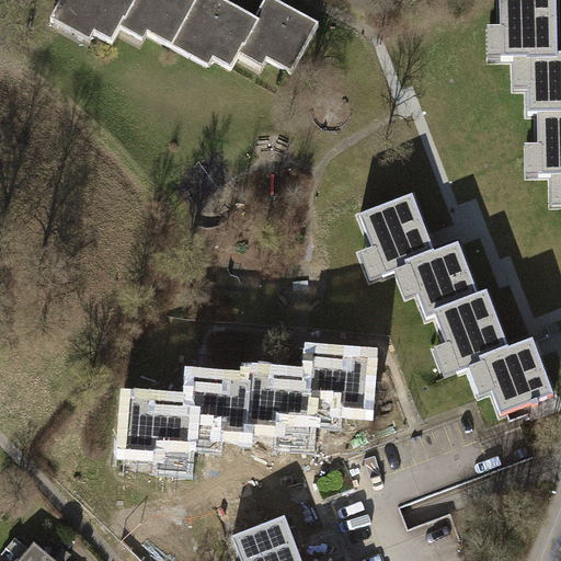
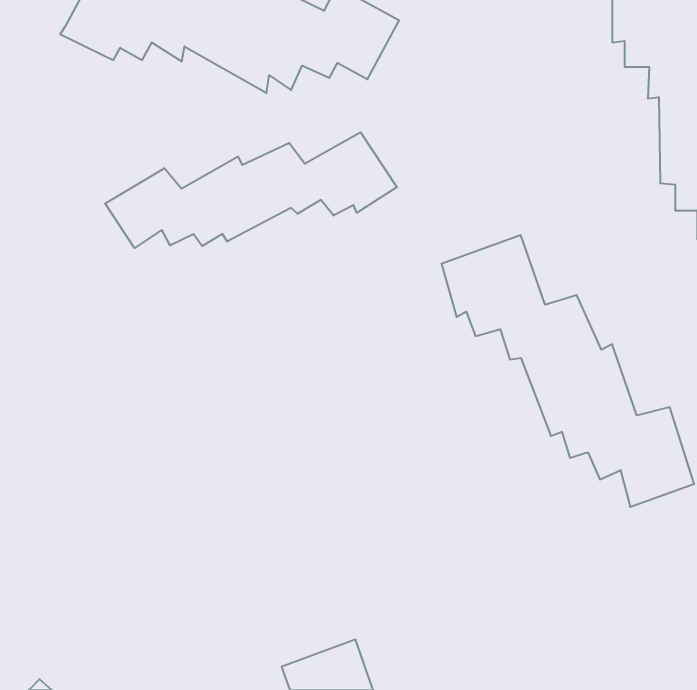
building: none -> [105,132,397,248]
building: [126,350,369,461] -> none

